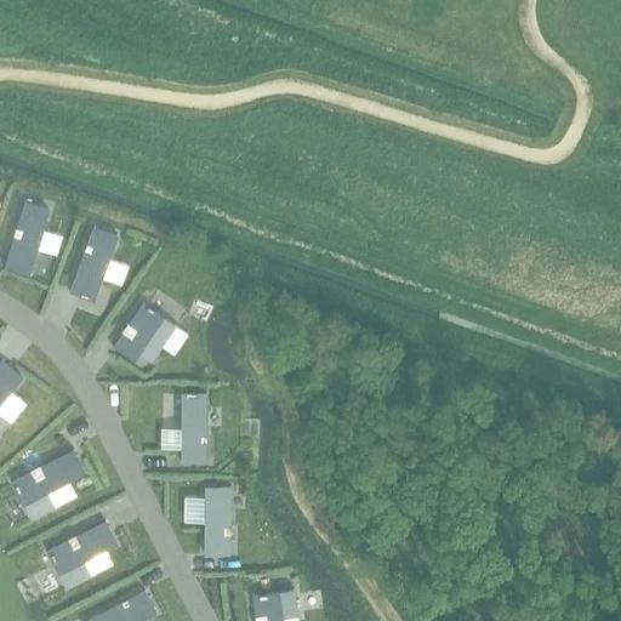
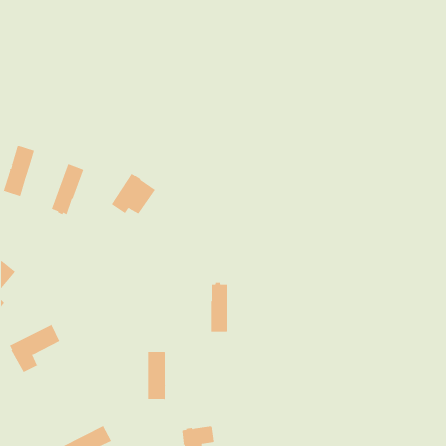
building: [113,303,176,363] -> [111,173,156,216]
building: [182,393,206,463] -> [210,282,228,333]
building: [44,520,113,588] -> none

